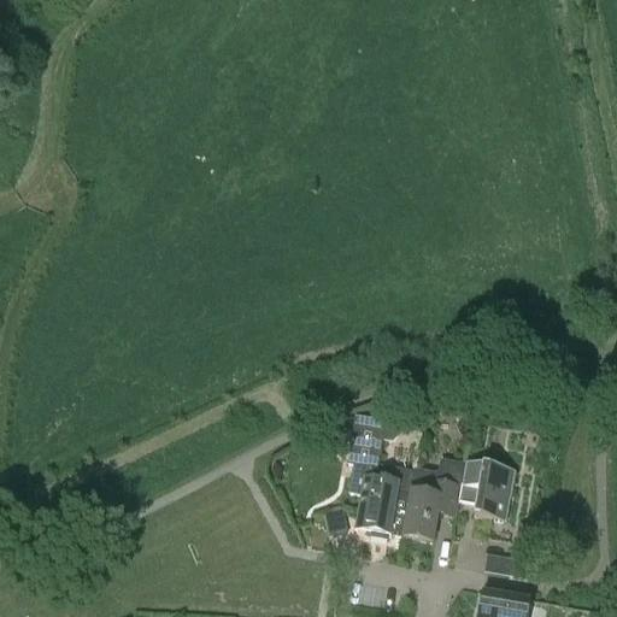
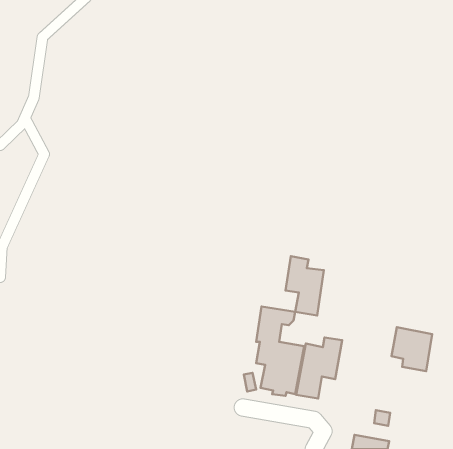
building: none -> [285,256,324,316]
building: [459,462,515,522] -> [392,327,432,371]

